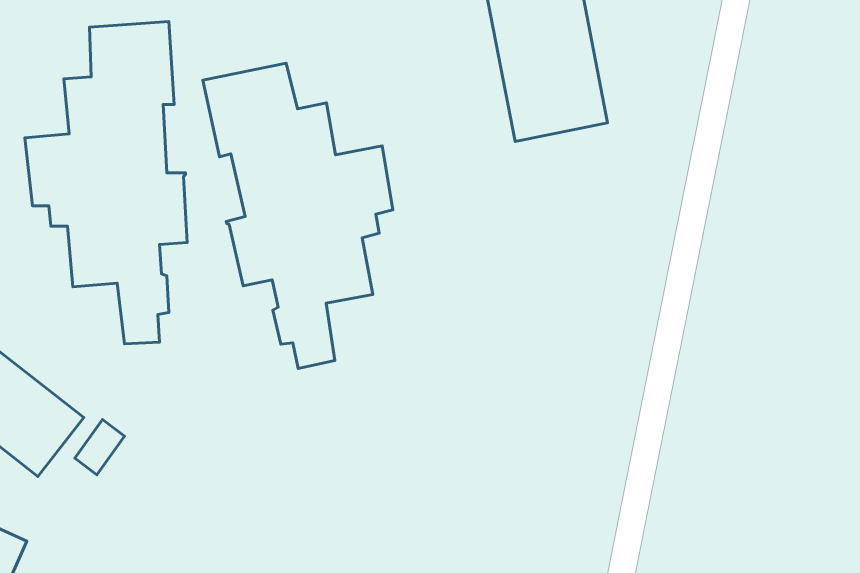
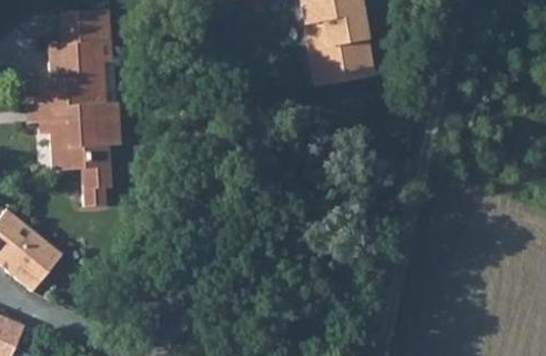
building: [203,63,393,368] -> none

